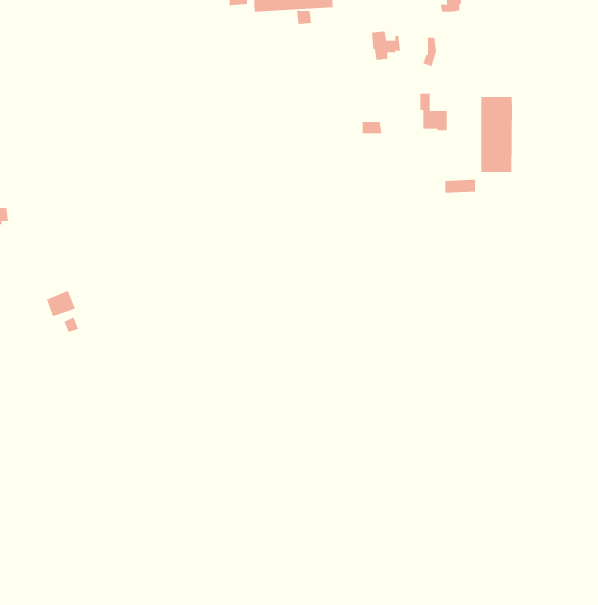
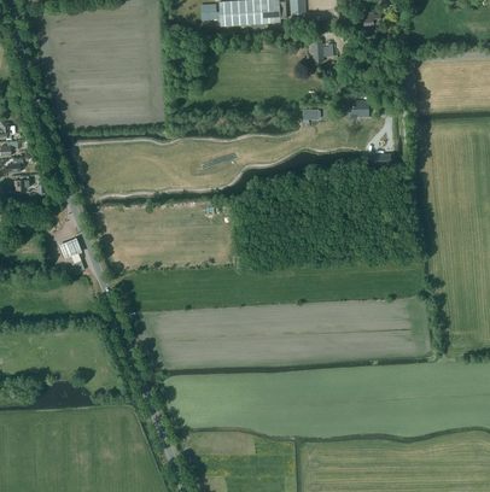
building: [481,96,512,173] -> none

